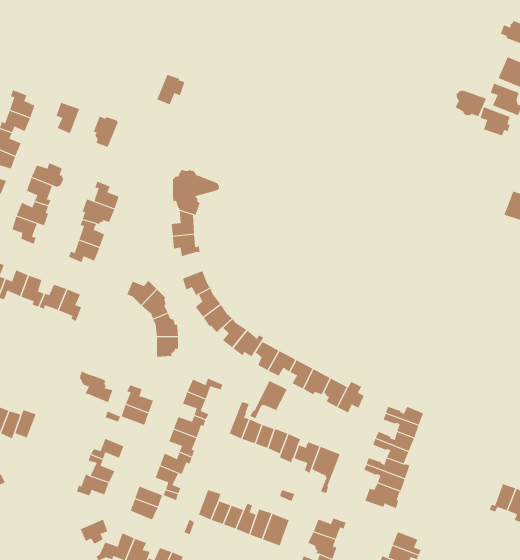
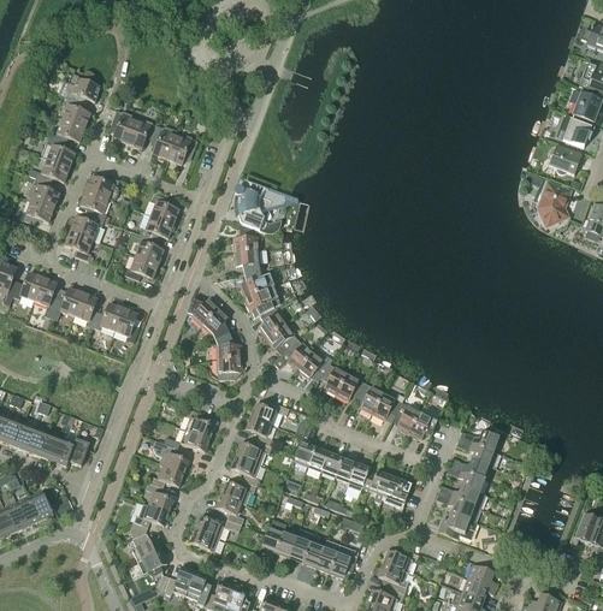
building: none -> [65,73,100,103]
building: [157,74,185,105] -> [166,132,196,165]
building: [455,89,487,117] -> [548,146,581,174]
building: none -> [126,118,156,149]
building: none -> [538,183,569,226]
building: none -> [240,269,273,297]
building: [79,371,113,403] -> [152,440,188,474]
building: [250,380,288,419] -> none
building: none -> [129,522,161,562]

